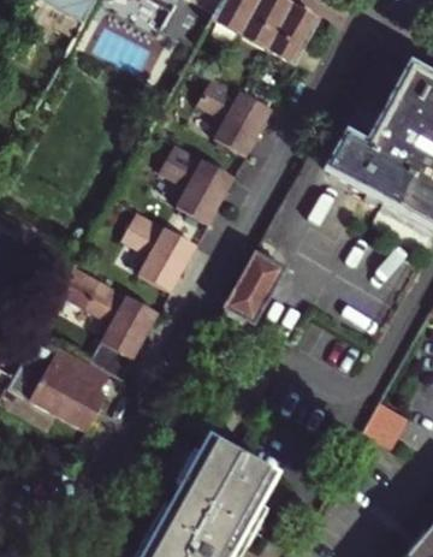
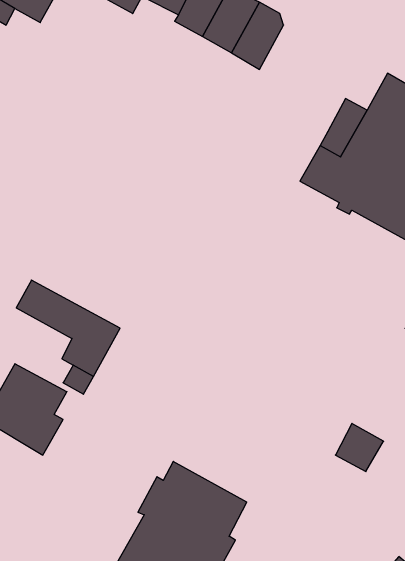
building: [197,78,269,155] -> none
building: [160,146,232,225] -> none
building: [124,213,195,290] -> none
building: [218,253,286,336] -> none

